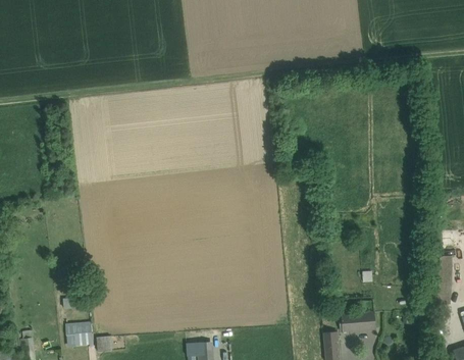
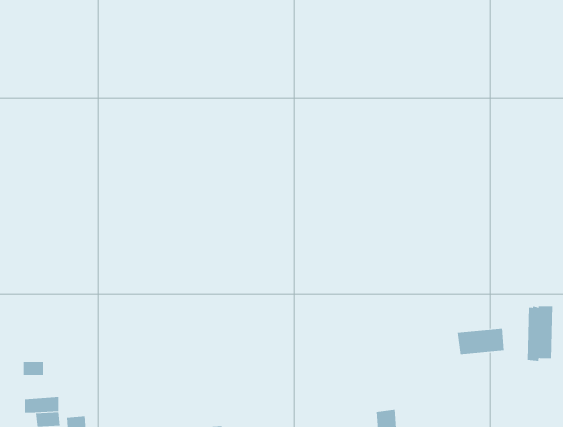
building: [341,312,375,331] -> [457,328,504,355]

